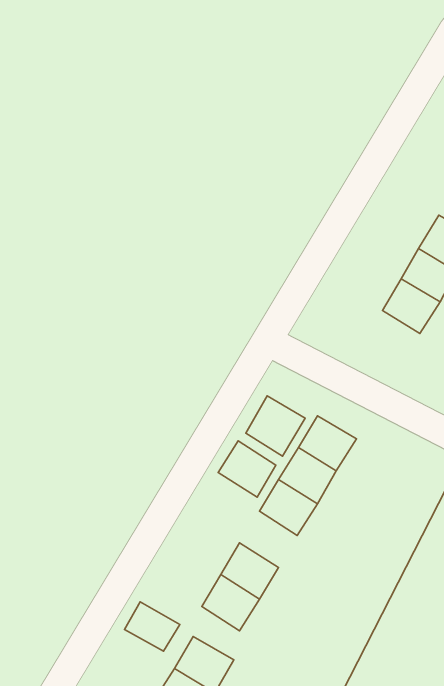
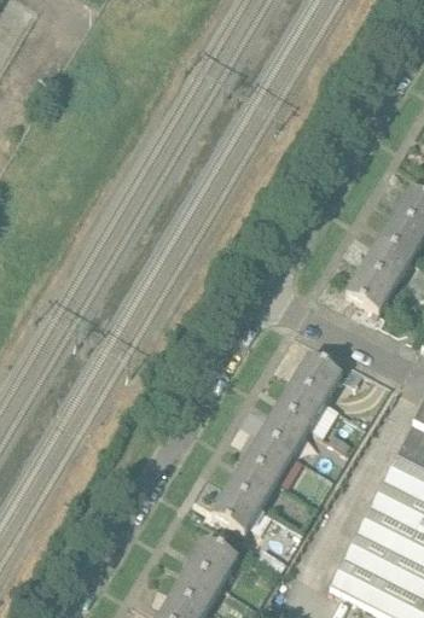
building: none -> [348,263,396,310]
building: [246,396,305,456] -> none
building: [218,441,276,497] -> [245,431,294,478]
building: [125,602,180,651] -> none

